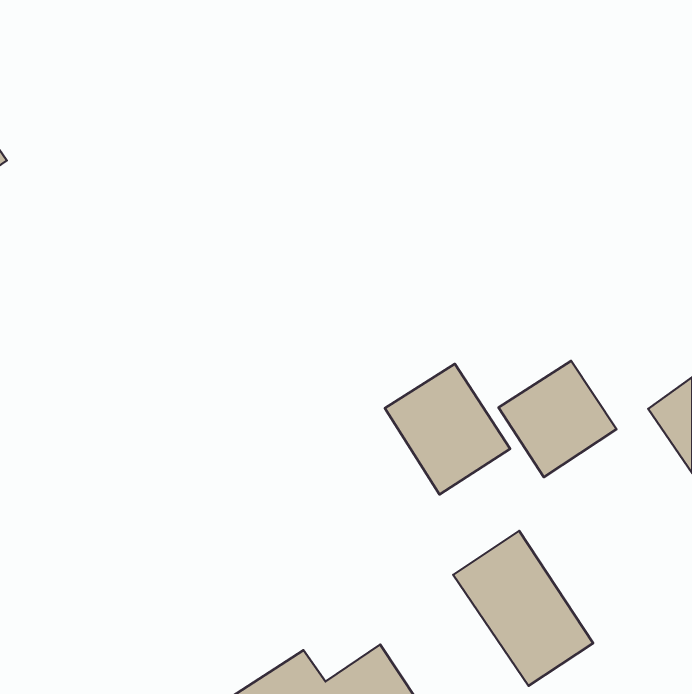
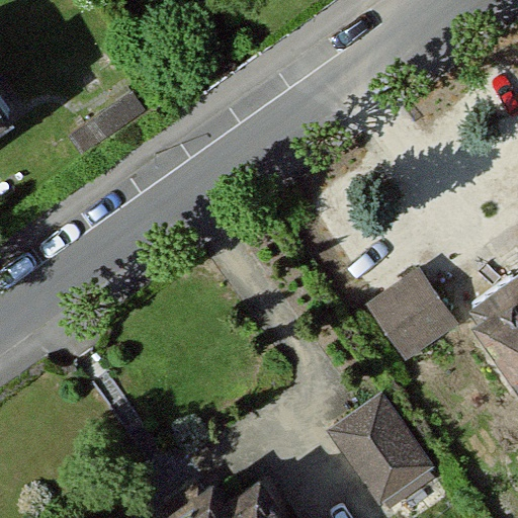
building: [385,364,510,494] -> none

